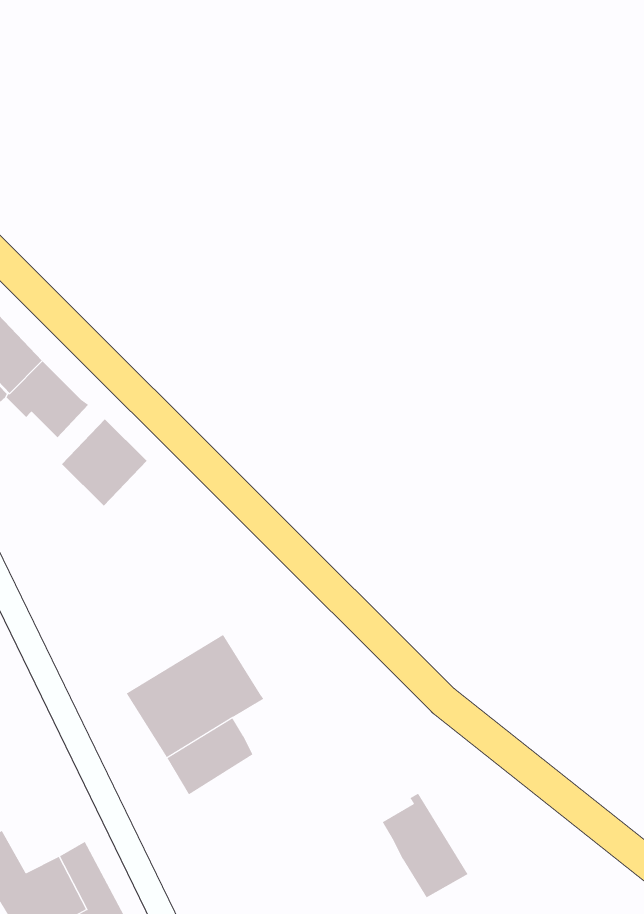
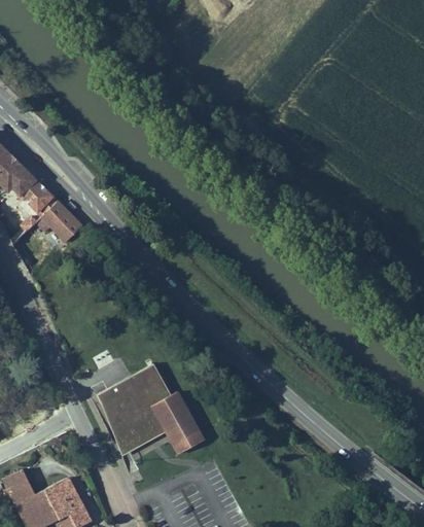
building: [61,419,147,506] -> none
building: [382,793,469,898] -> [157,389,206,448]

